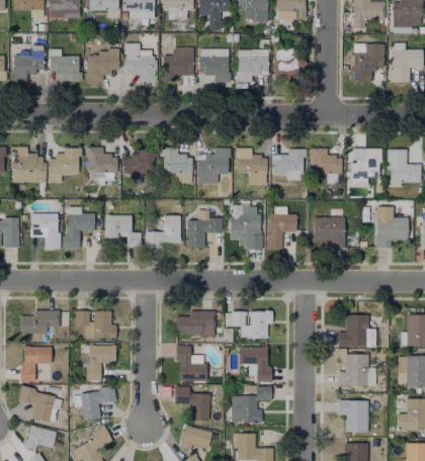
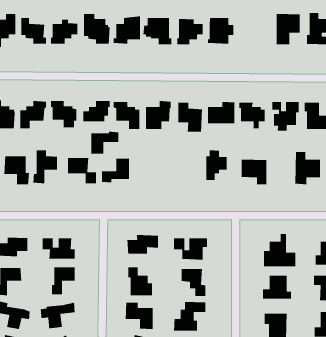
building: [230,201,263,250] -> none
building: [187,218,222,247] -> [90,131,119,155]

